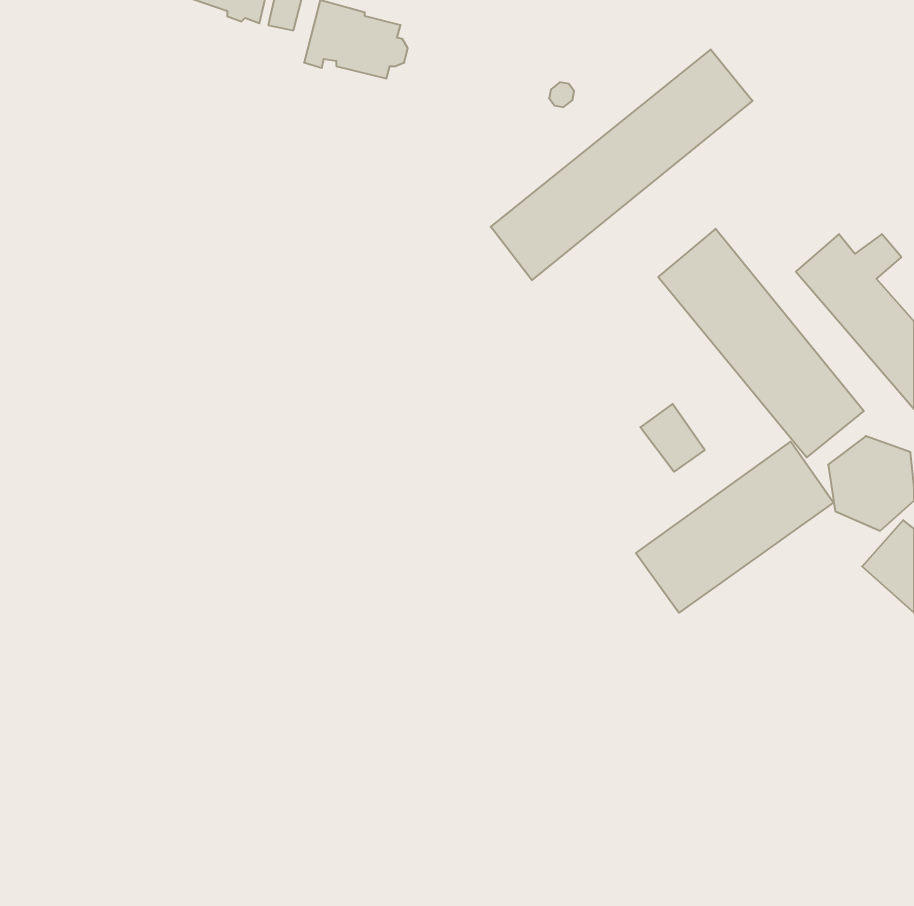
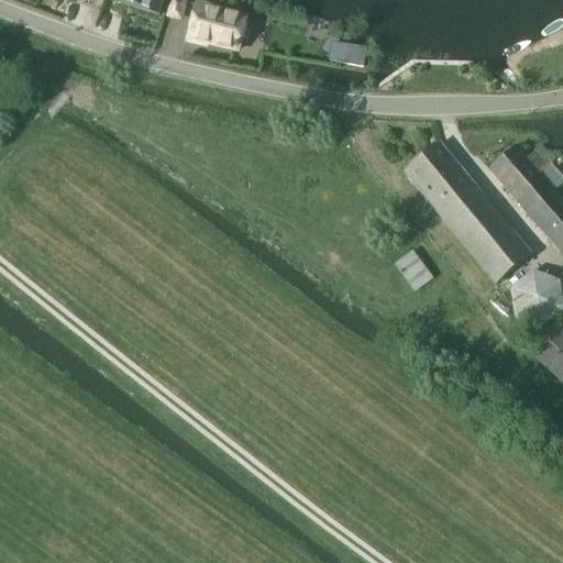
building: [491,49,753,280] -> none
building: [636,442,833,613] -> none

